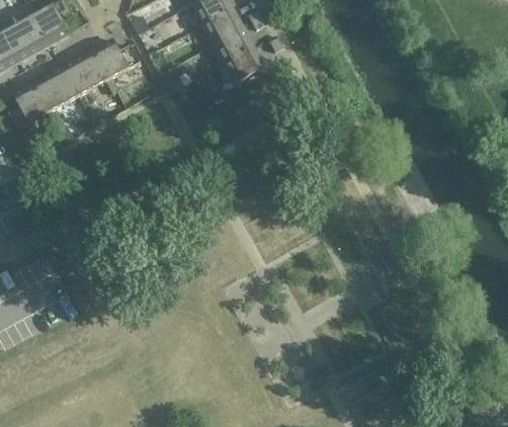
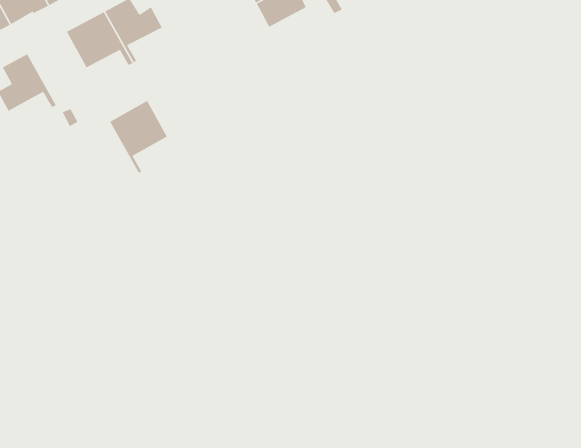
building: [225,46,265,82] -> none
building: [33,65,80,123] -> [109,100,168,174]

